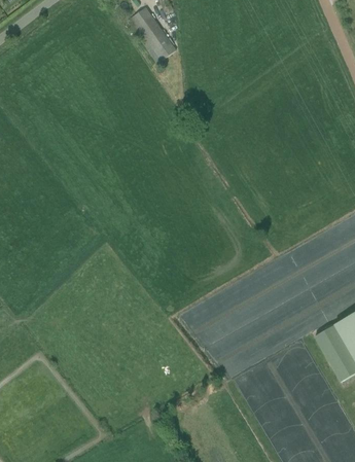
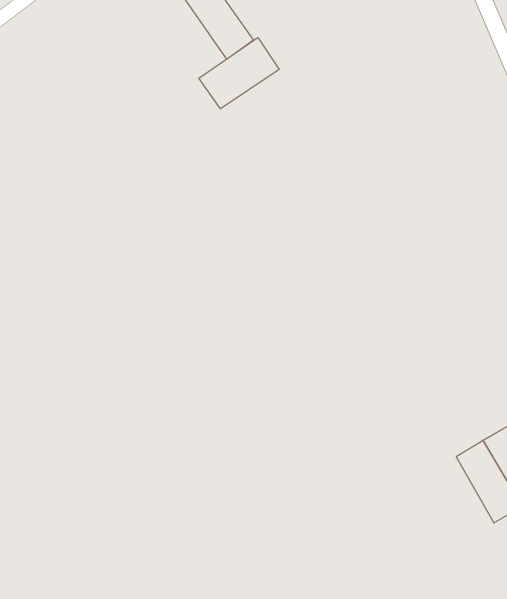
building: none -> [199,38,279,109]

